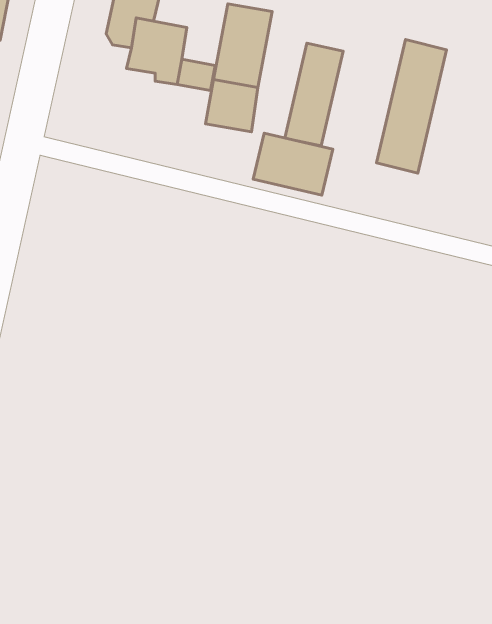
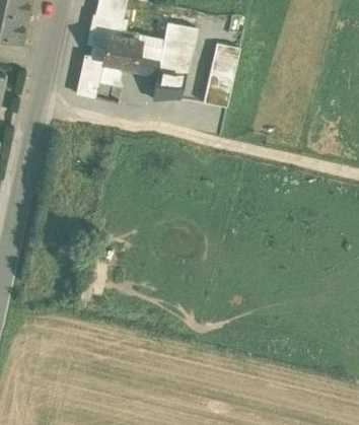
building: [377,40,446,173] -> none
building: none -> [76,45,104,95]
building: [253,133,333,195] -> none

